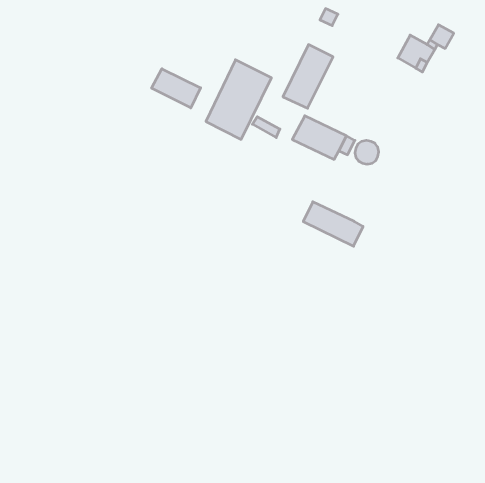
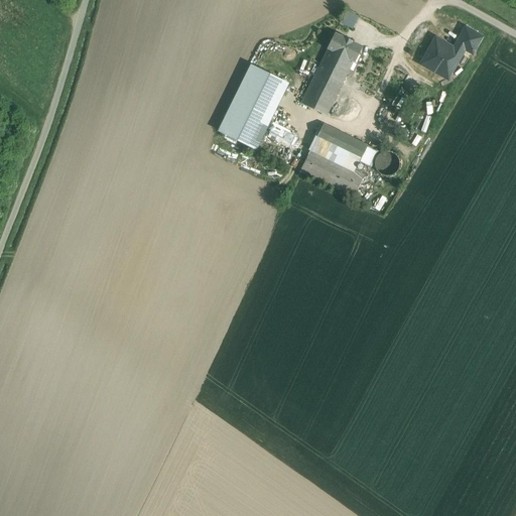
building: none -> [327,31,362,60]
building: [152,69,201,108] -> none
building: [303,202,363,246] -> [300,148,364,196]

